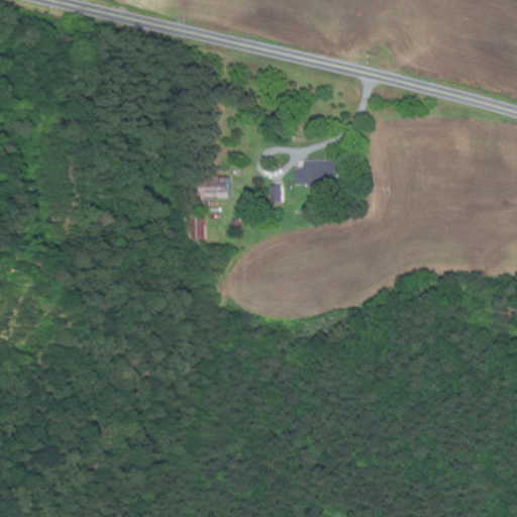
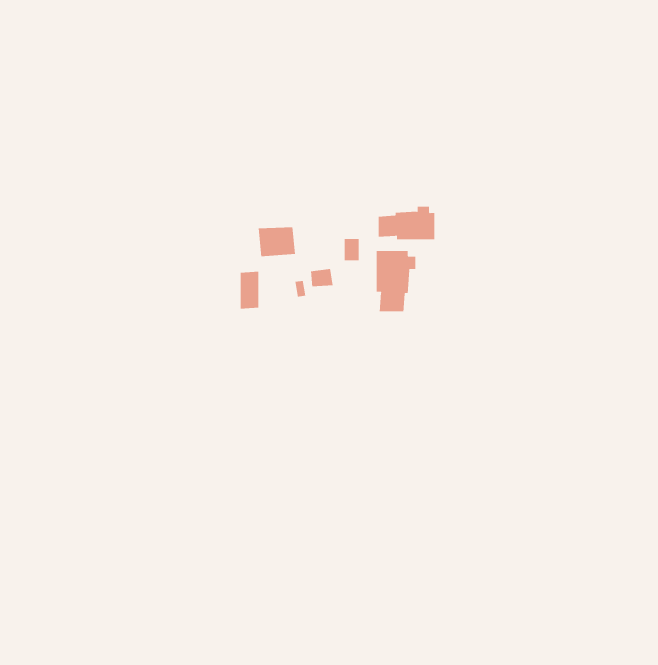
building: none -> [376,250,416,312]

